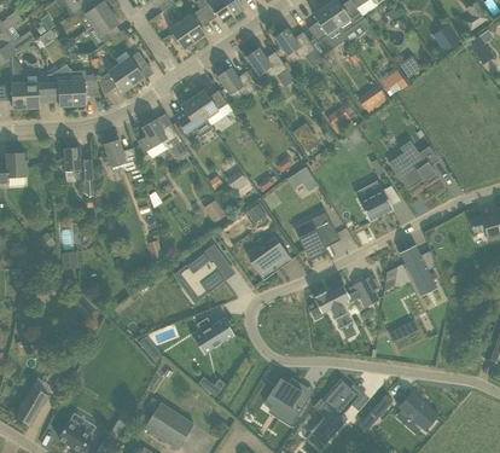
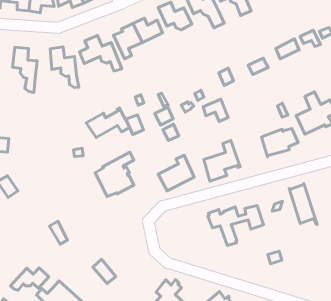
building: none -> [86,108,130,137]
building: [191,316,233,354] -> none
building: none -> [10,268,49,290]

